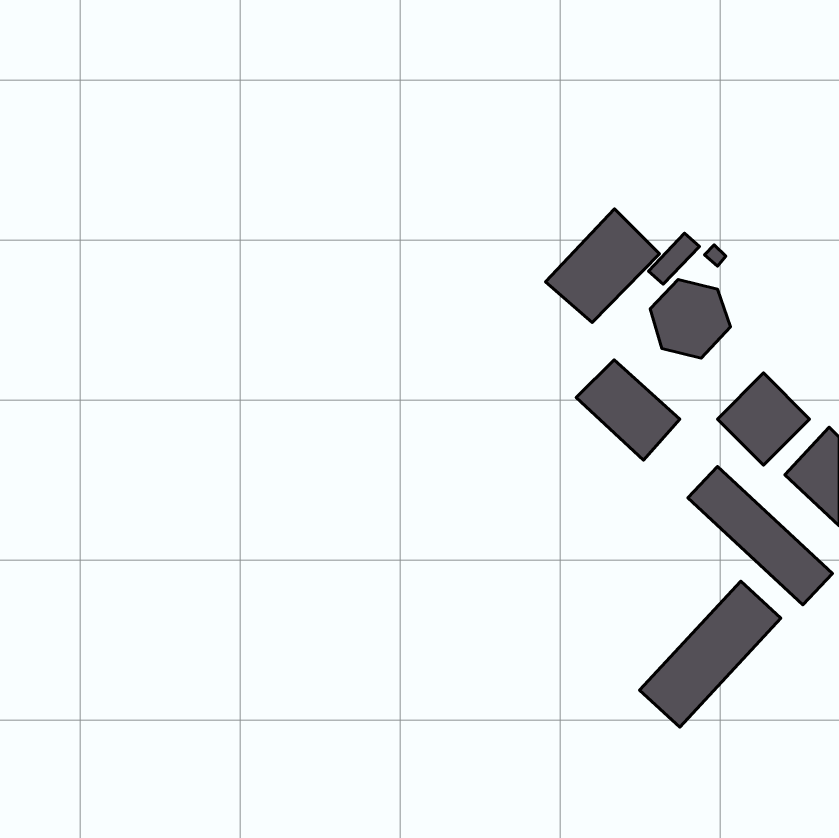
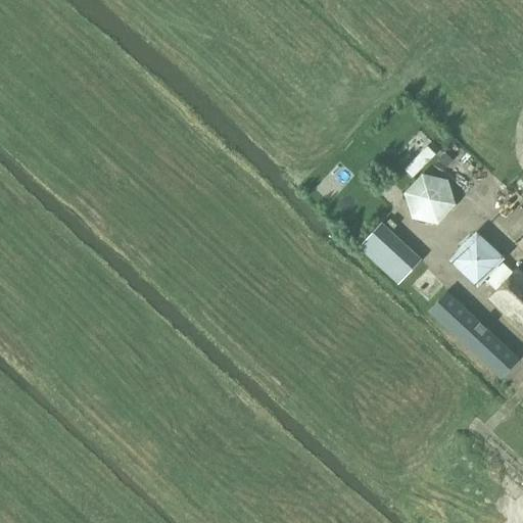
building: [546,209,659,323] -> none
building: [639,581,781,727] -> none

